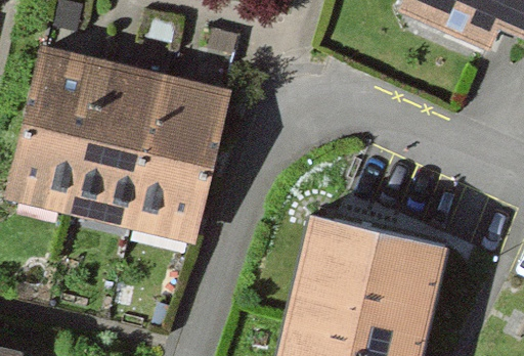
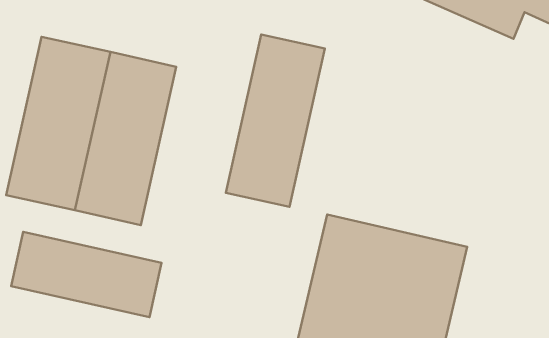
building: [135,76,229,239] -> [226,34,325,207]
building: none -> [11,232,161,317]

